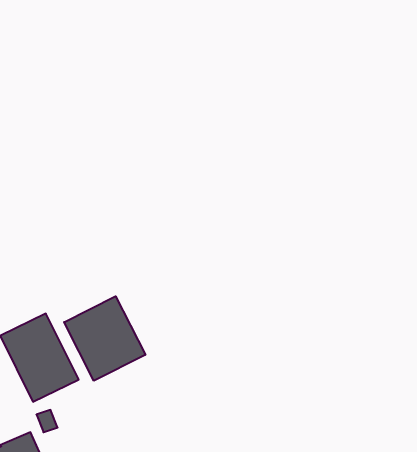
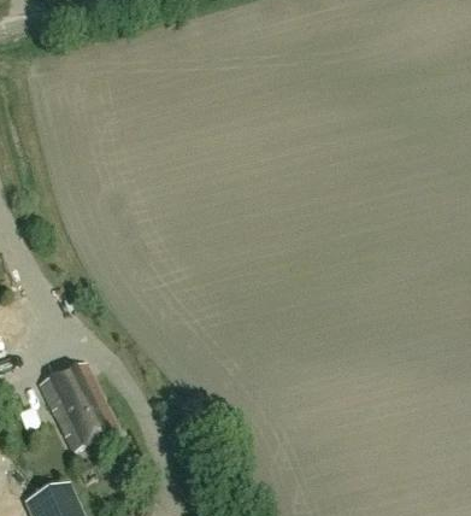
building: [64,296,145,381] -> none

